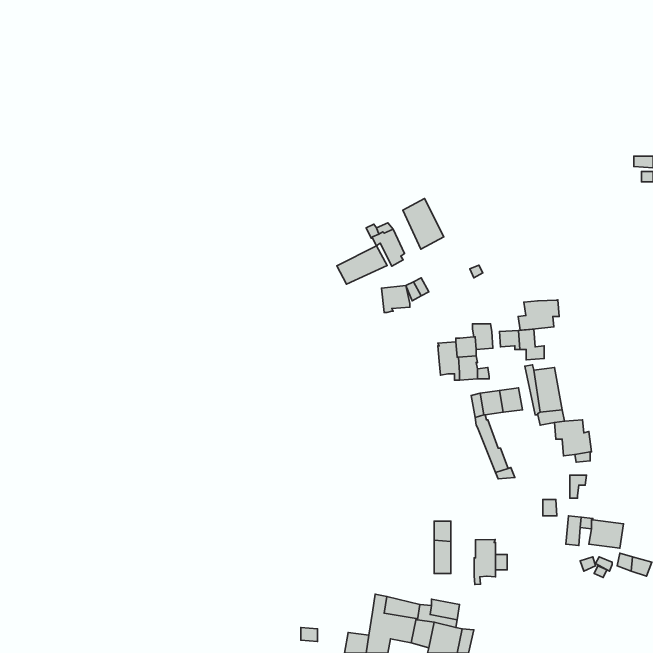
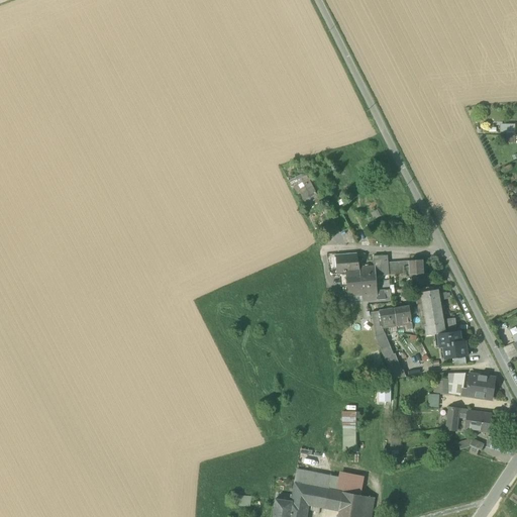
building: [403,199,444,249] -> none
building: [337,246,387,284] -> none
building: [382,286,410,312] -> [338,252,360,274]
building: [518,300,559,330] -> none
building: none -> [463,375,494,398]
building: [474,540,496,585] -> none

